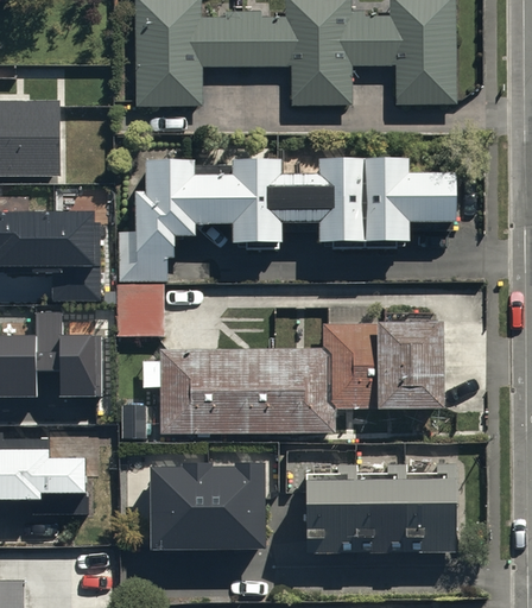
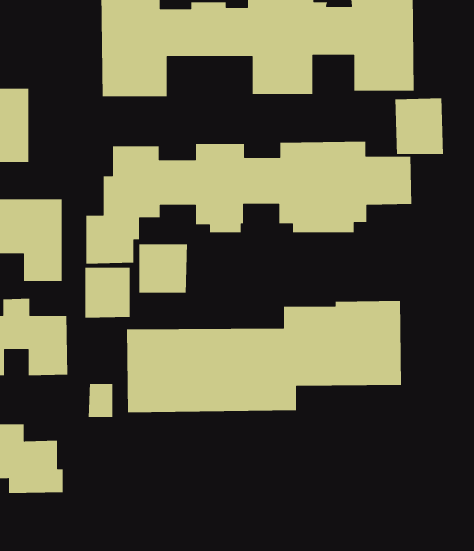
building: none -> [395,97,444,155]
building: none -> [139,244,188,293]
building: [151,458,264,546] -> none
building: [304,462,454,549] -> none

